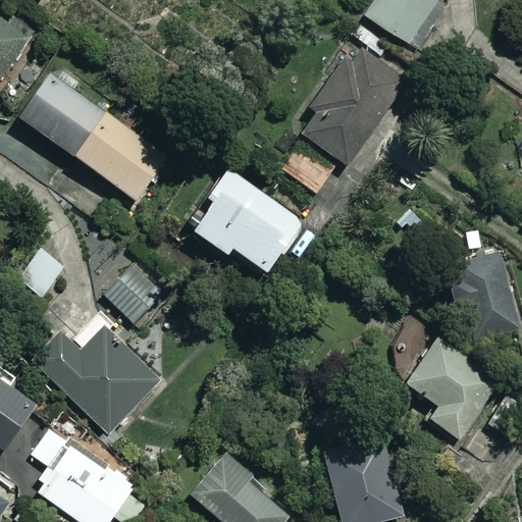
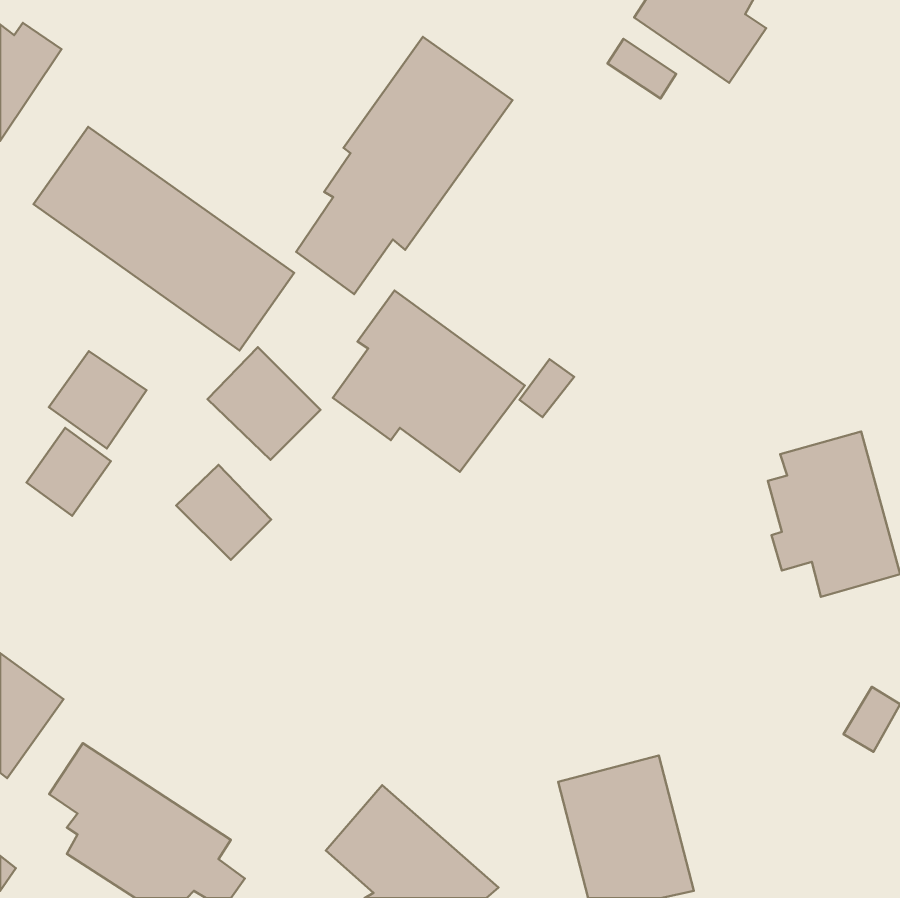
building: [282,44,408,193] -> [296,37,513,294]
building: none -> [208,347,321,460]
building: none -> [49,351,147,448]
building: [33,327,159,432] -> none
building: [406,340,499,439] -> none

